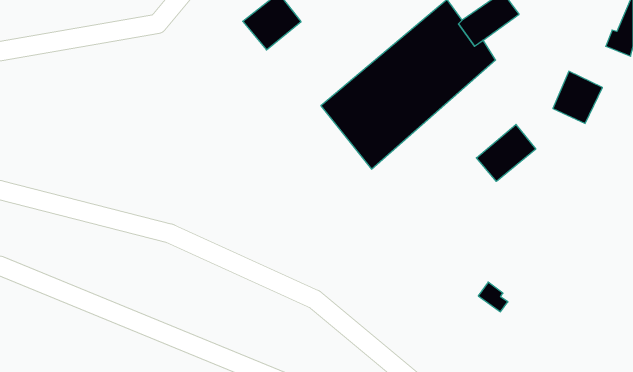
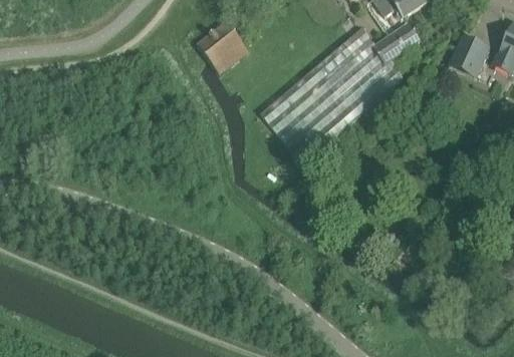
building: [553,71,602,123] -> [449,35,489,77]
building: [476,124,536,181] -> none

